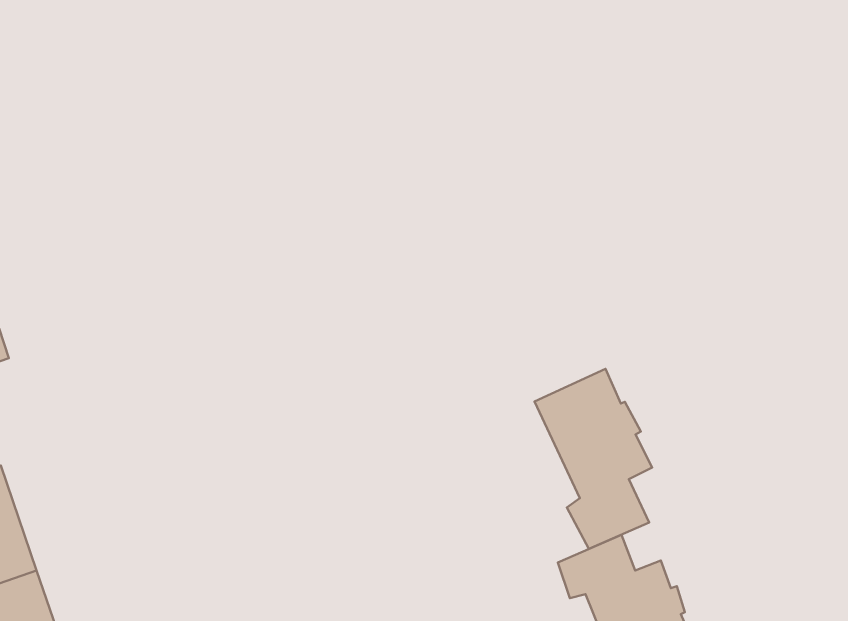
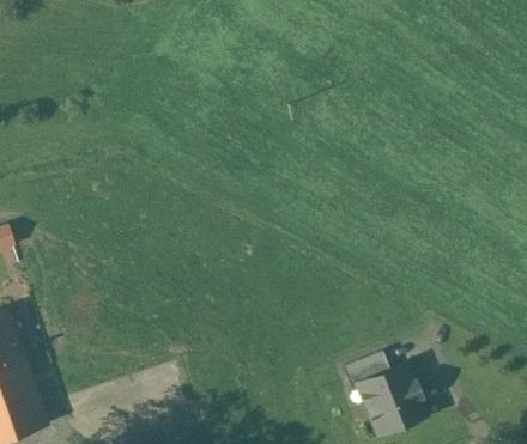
building: [535,369,652,549] -> none

